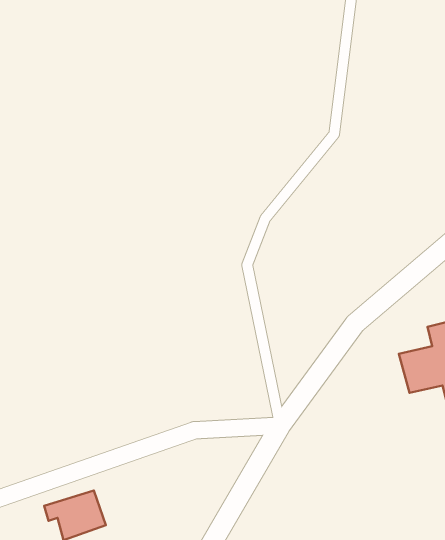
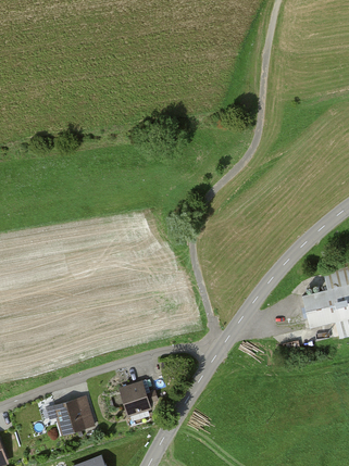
building: none -> [121,381,149,414]

